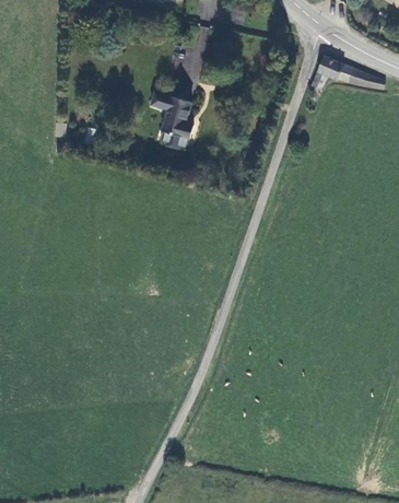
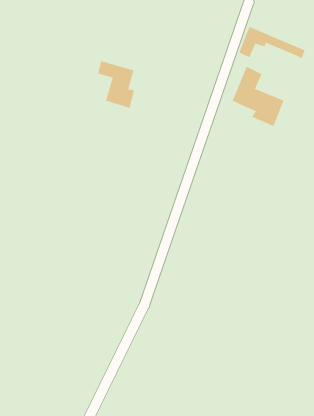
building: none -> [232,66,284,127]

